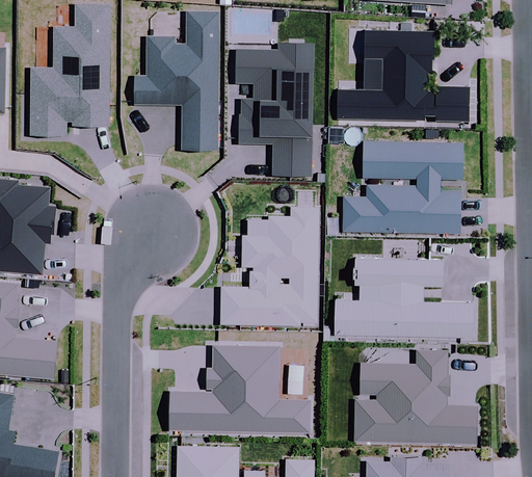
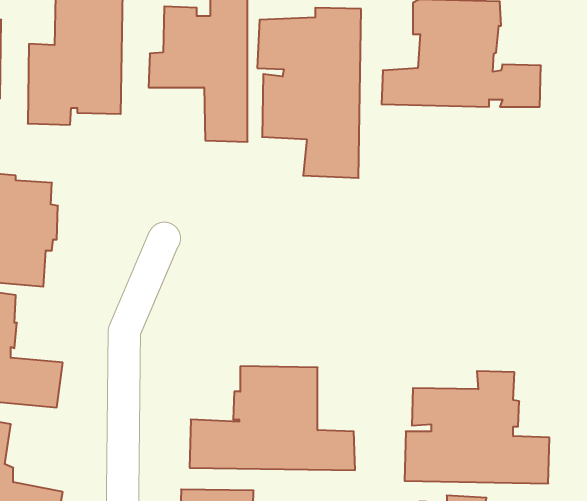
building: [342,141,463,234] -> none
building: [220,207,319,325] -> none
building: [330,259,476,337] -> none

